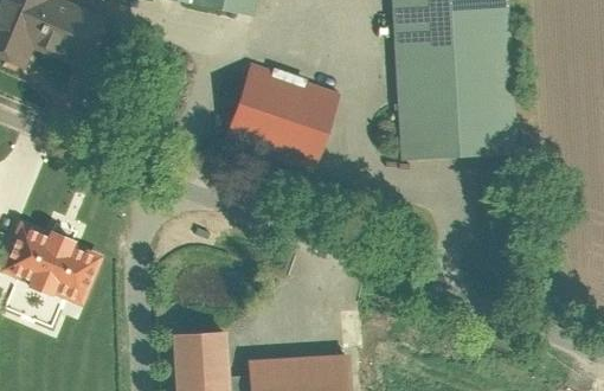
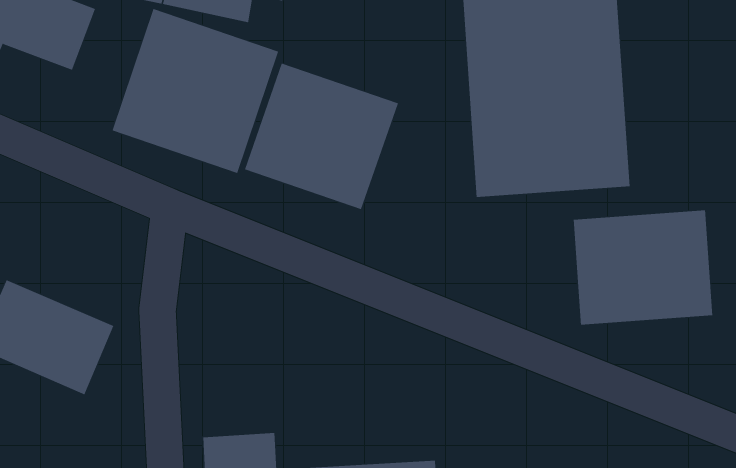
building: none -> [112,8,279,174]
building: none -> [573,210,713,326]

